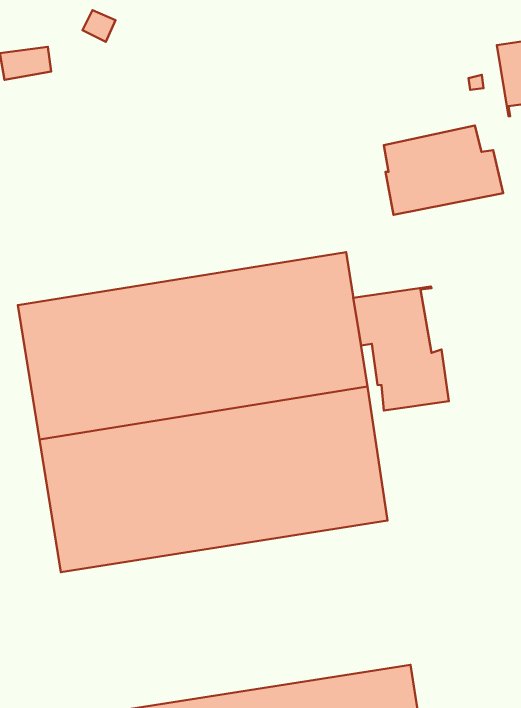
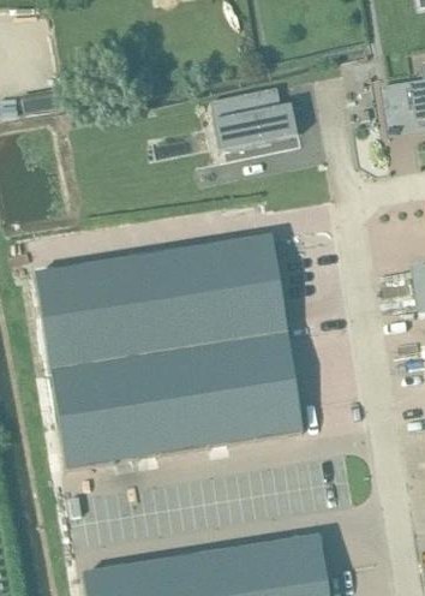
building: [384,125,503,215] -> [210,87,297,151]
building: [353,286,449,410] -> none

